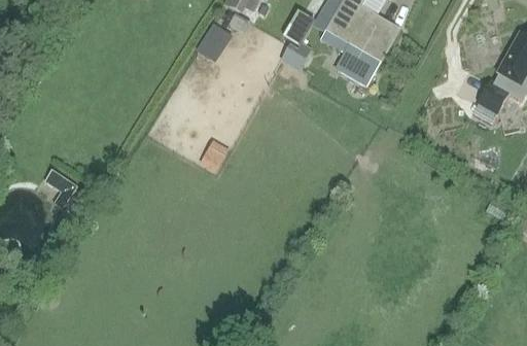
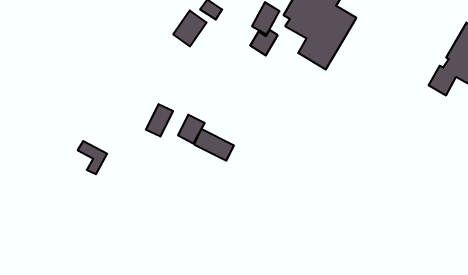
building: none -> [146,104,173,137]
building: none -> [194,129,234,161]
building: [43,169,76,206] -> [78,141,107,174]

